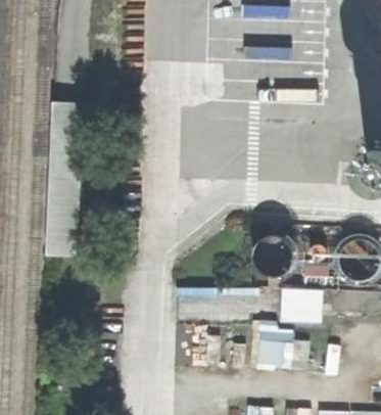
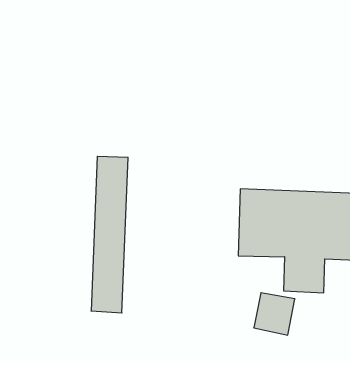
building: [45,107,82,263] -> [91,156,128,313]

